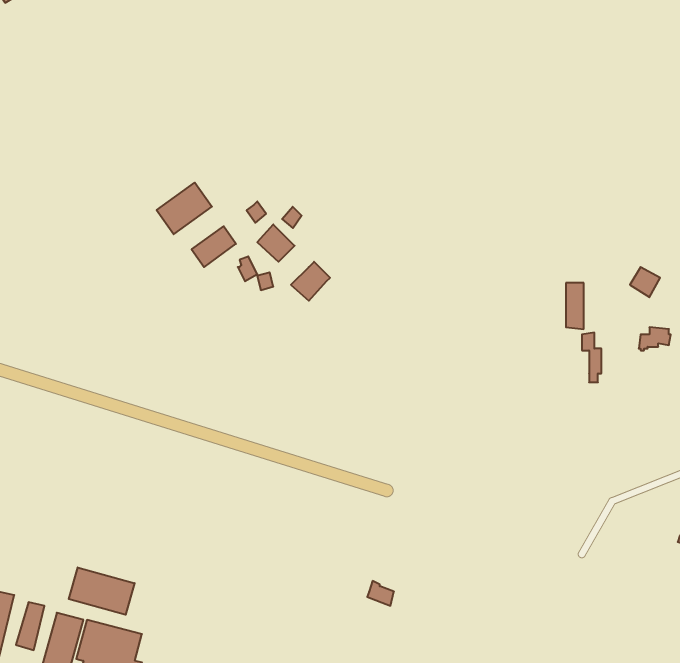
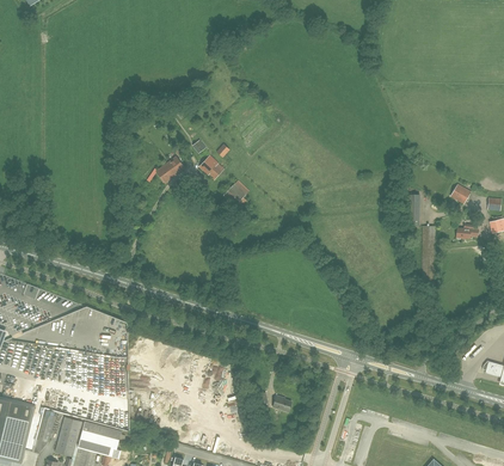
building: [157,183,212,234] -> none
building: [69,567,135,615] -> none

